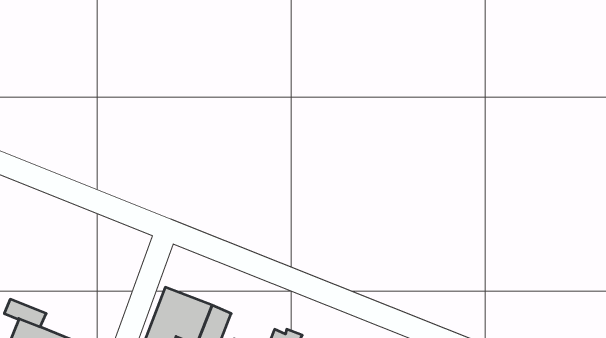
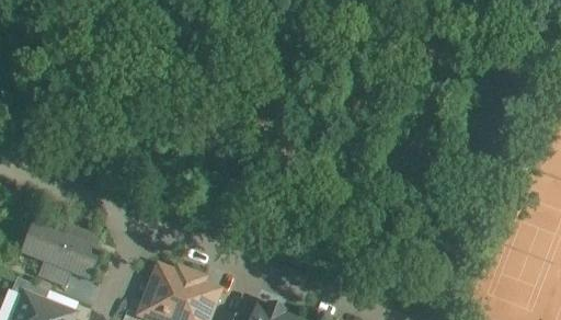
building: none -> [32,227,98,282]

